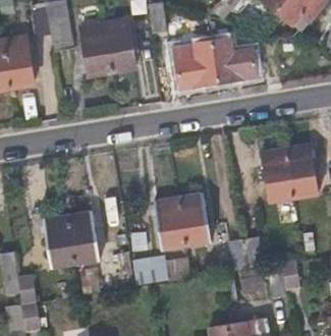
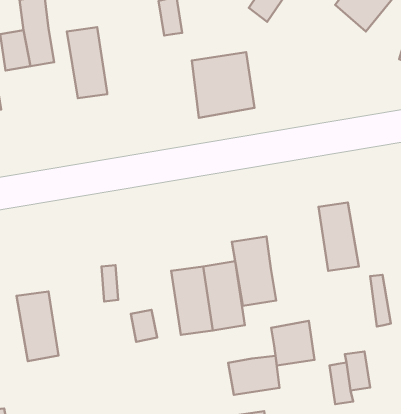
building: [103,19,130,71] -> none
building: [212,39,256,82] -> none
building: [286,148,319,199] -> [232,236,276,306]
building: [67,213,99,264] -> none
building: [129,255,167,283] -> [228,356,280,395]

